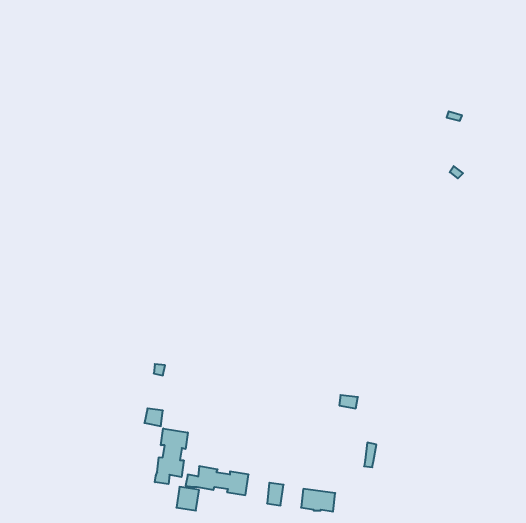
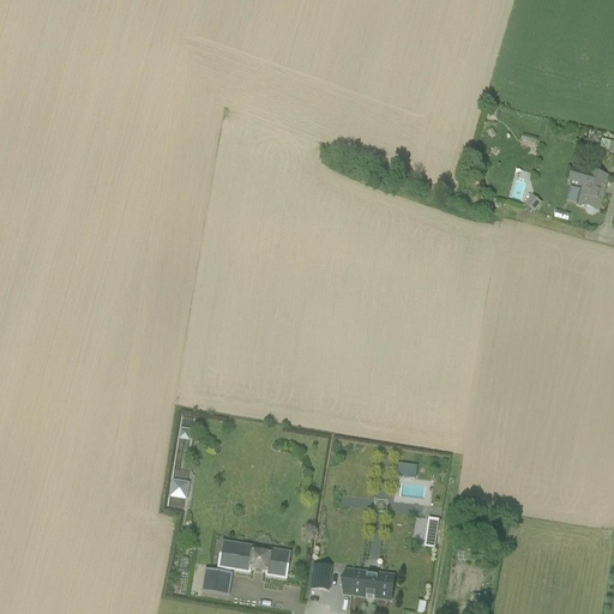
building: none -> [567,162,607,206]
building: [155,428,188,484] -> none

